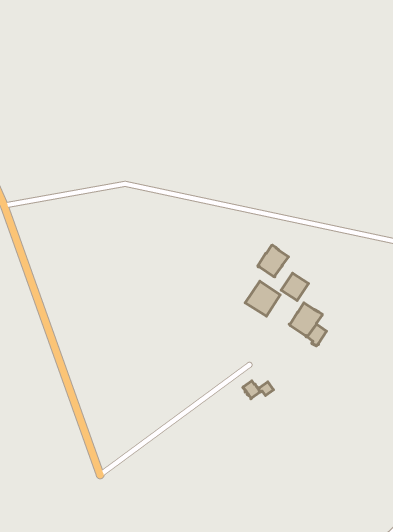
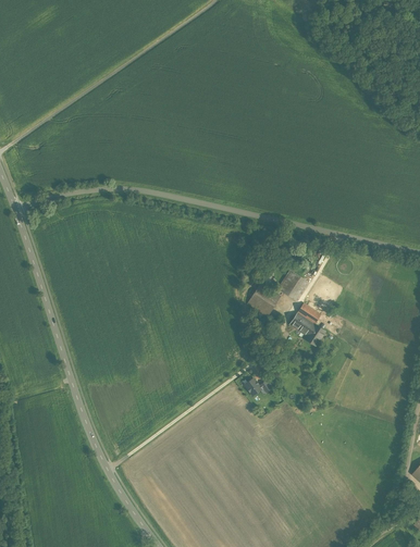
building: [258,245,288,277] -> none

